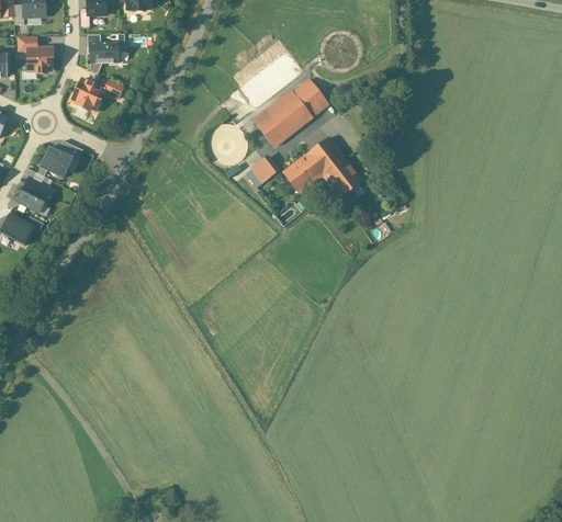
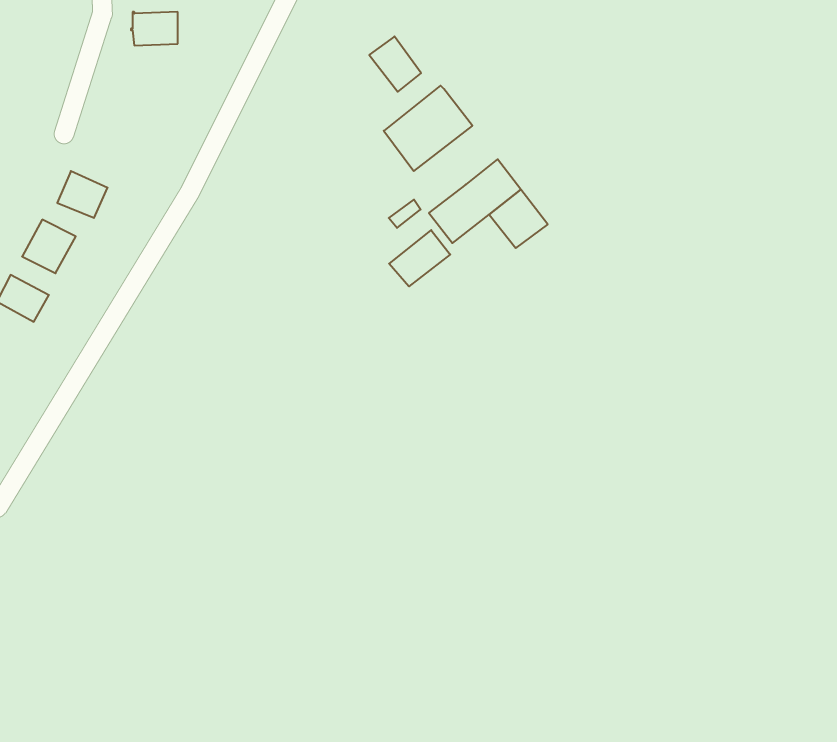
building: [27,48,53,73] -> none
building: [71,79,105,112] -> none
building: [293,80,327,116] -> [369,36,421,92]
building: none -> [389,230,450,286]

